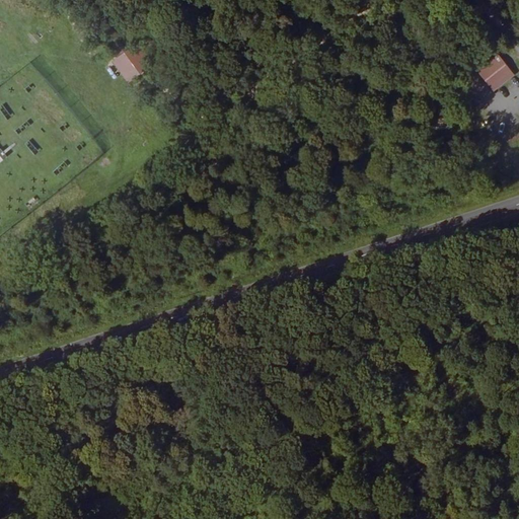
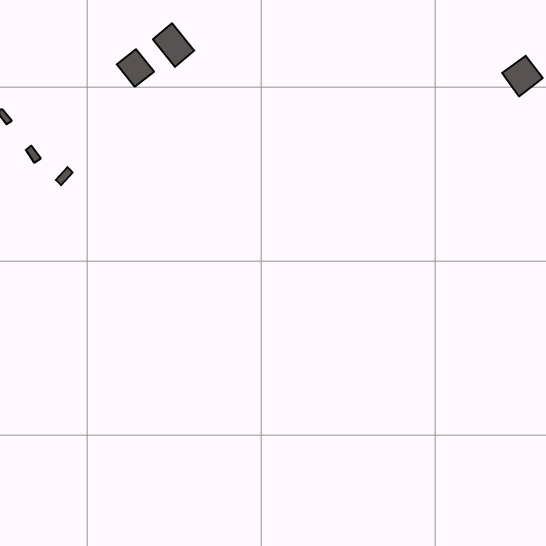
building: none -> [153,23,194,67]

